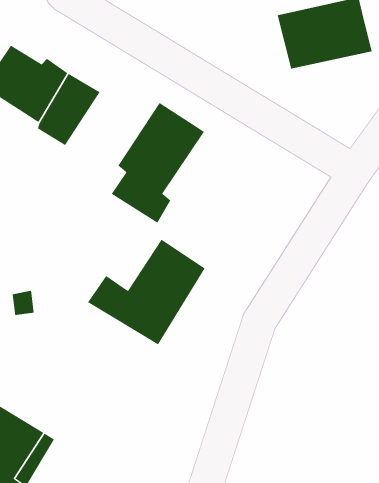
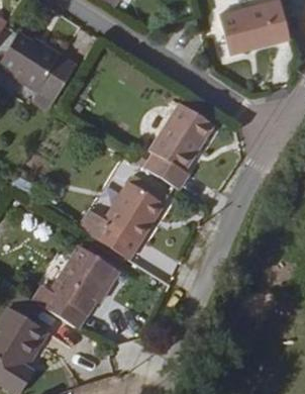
building: [111,102,205,223] -> [144,101,215,192]
building: none -> [34,243,121,328]

